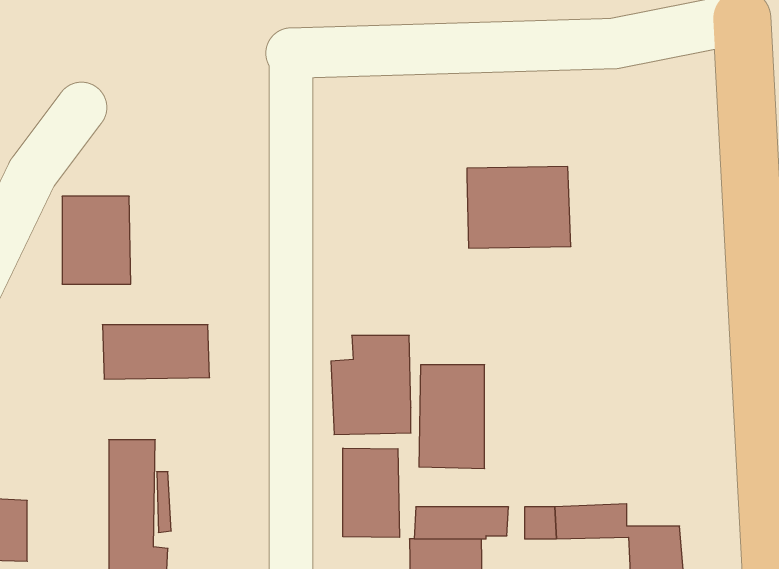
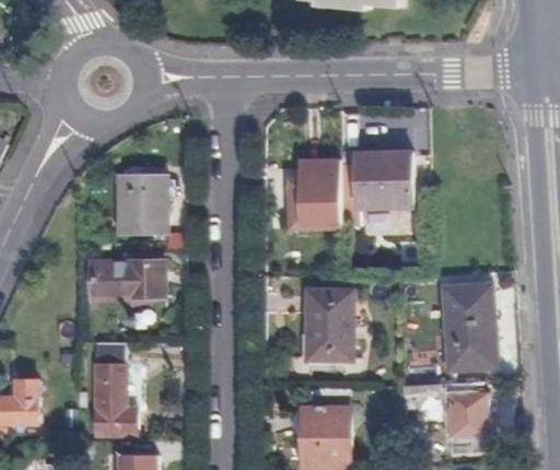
building: [62,196,131,284] -> [118,175,165,235]
building: [331,335,411,435] -> [285,161,340,228]
building: none -> [444,286,492,368]
building: [343,448,400,537] -> none

